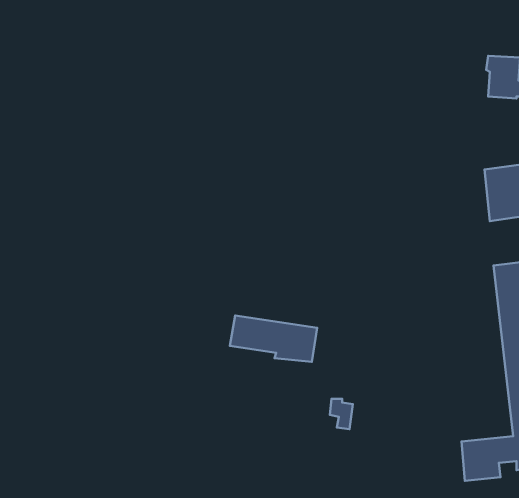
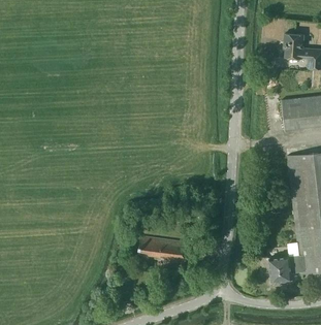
building: [230,316,317,362] -> [138,237,189,264]

